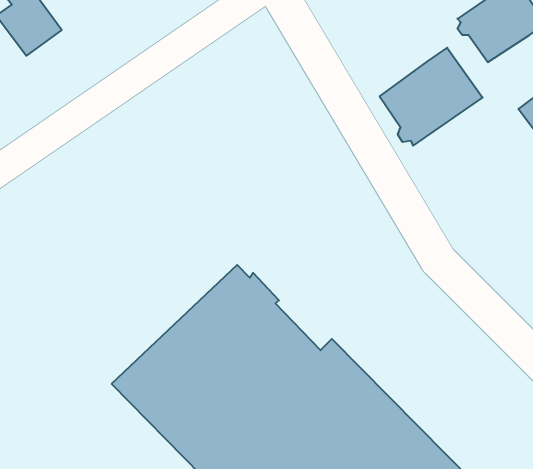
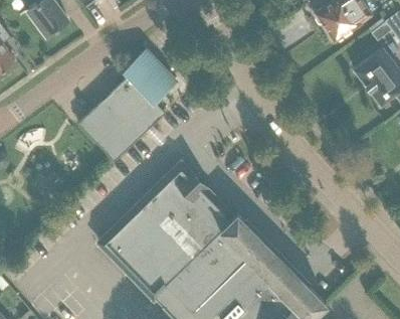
building: [380,48,483,146] -> none
building: none -> [77,50,175,161]

